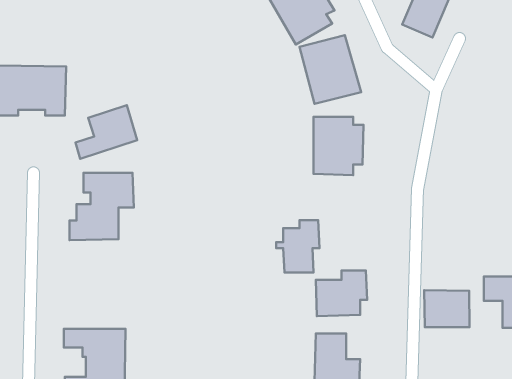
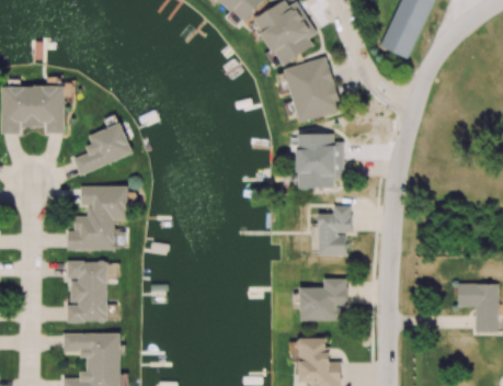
building: [276,220,319,273] -> [311,206,352,256]
building: none -> [67,261,107,322]
building: [424,290,469,327] -> none

